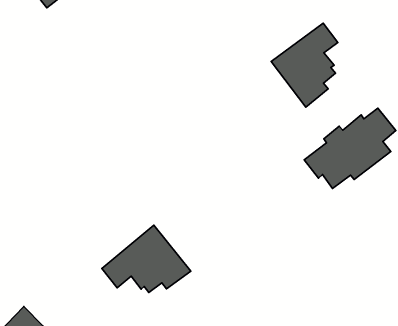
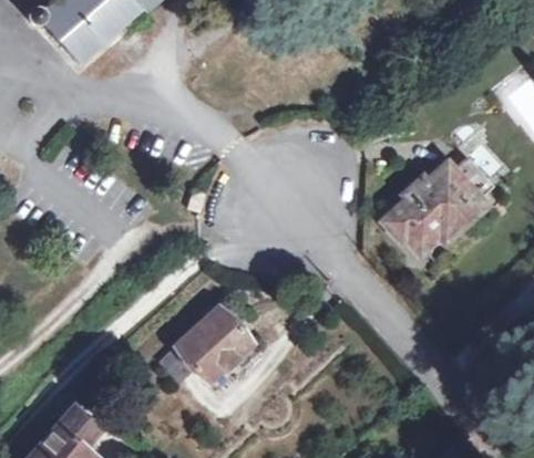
building: [271,23,338,107] -> none

